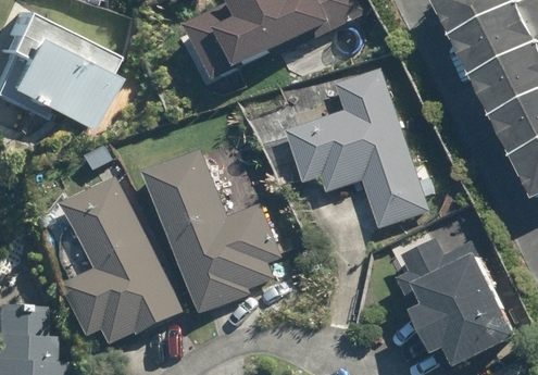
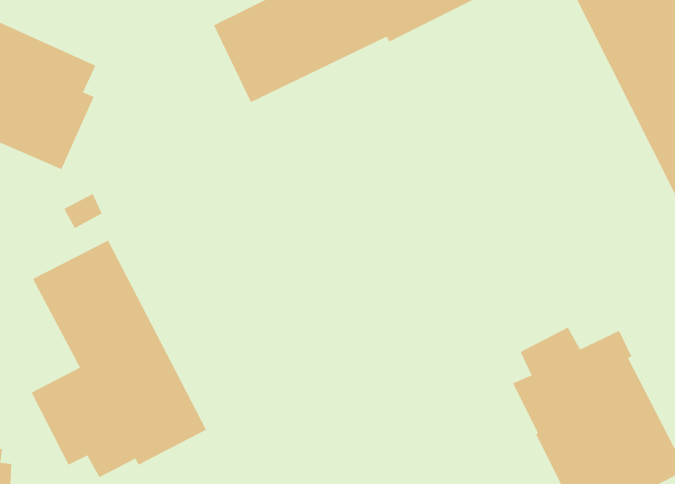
building: [281,70,429,229] -> none
building: [140,151,279,315] -> none

